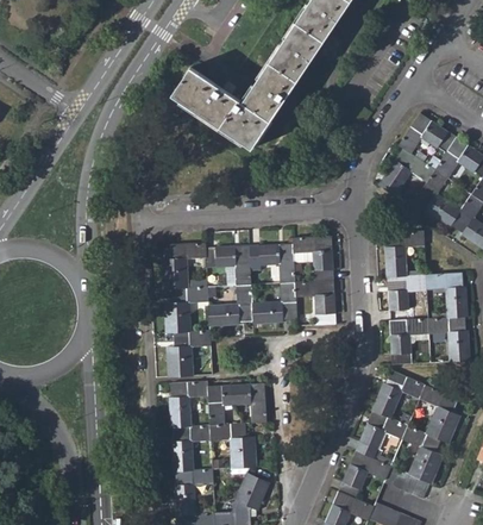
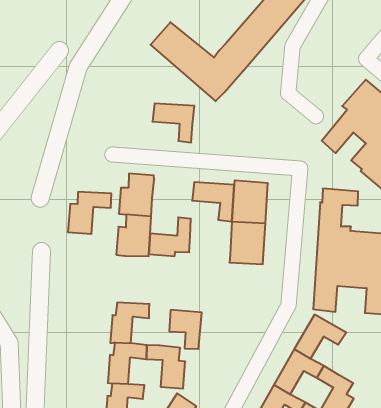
building: [196,242,242,282] -> [152,103,194,142]
building: [243,280,289,324] -> none
building: [167,329,212,376] -> [68,192,111,234]
building: [207,385,232,426] -> none
building: [419,387,460,445] -> none

